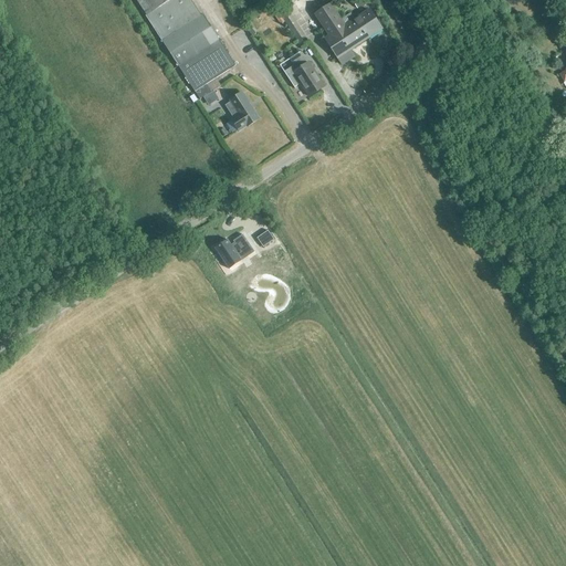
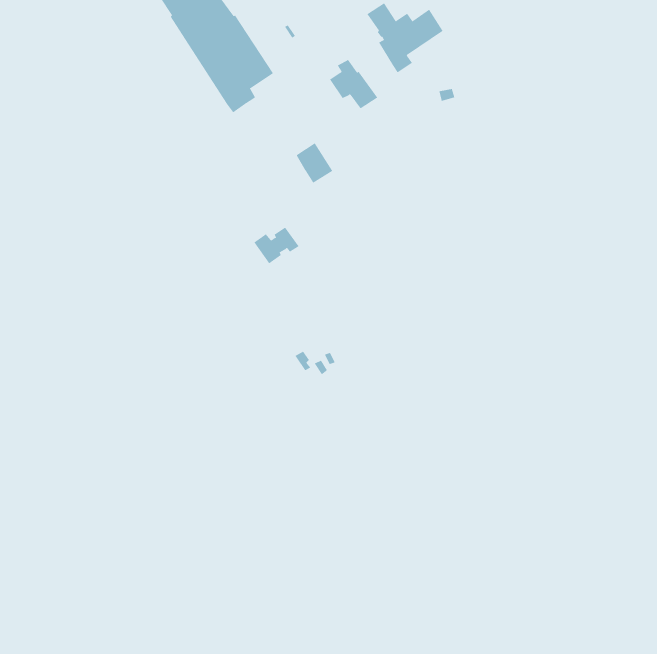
building: [226,92,258,127] -> [296,142,333,184]
building: [216,233,255,265] -> [253,227,300,264]

